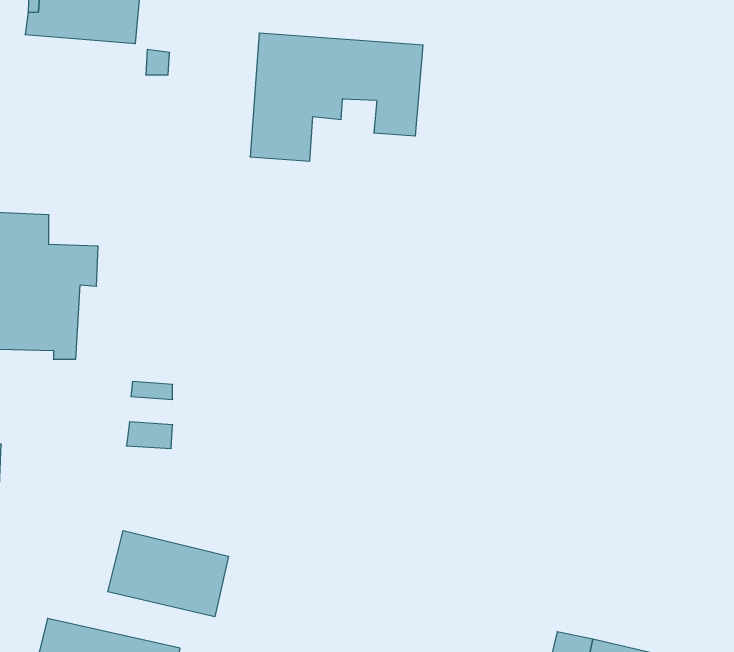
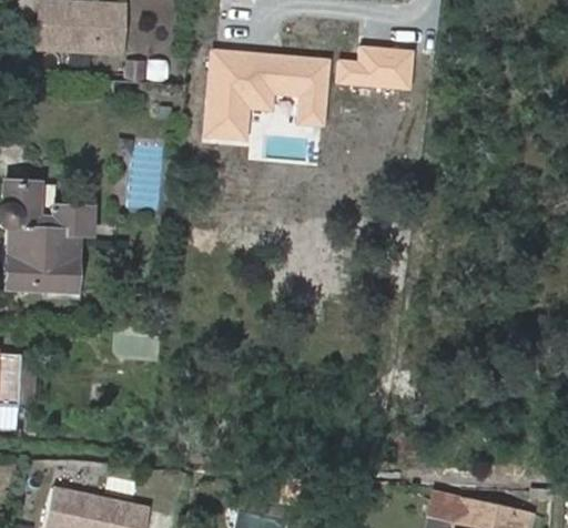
building: none -> [336,44,414,90]
building: [108,531,229,617] -> none

